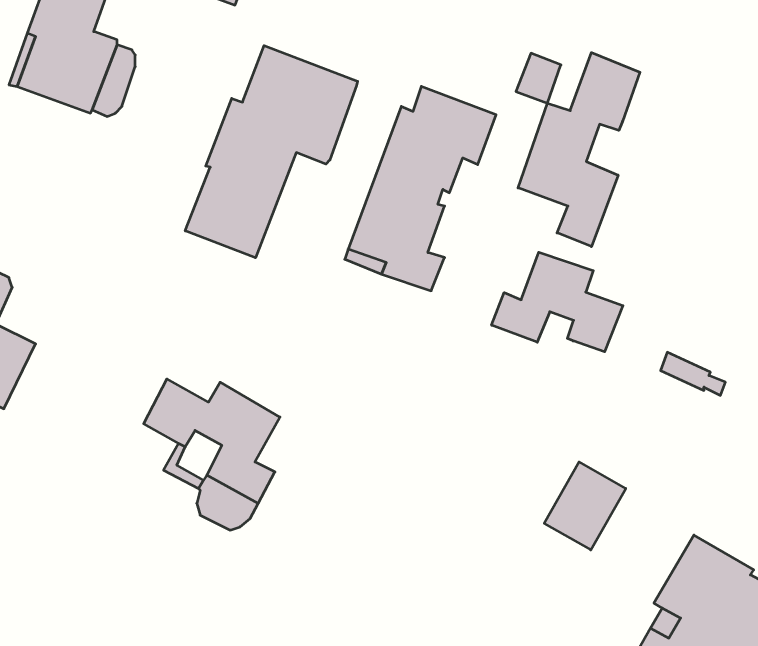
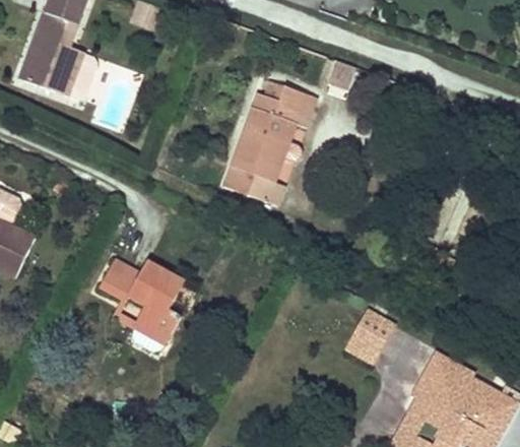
building: [185,46,358,258] -> none
building: [518,53,640,247] -> none
building: [492,252,623,352] -> none

